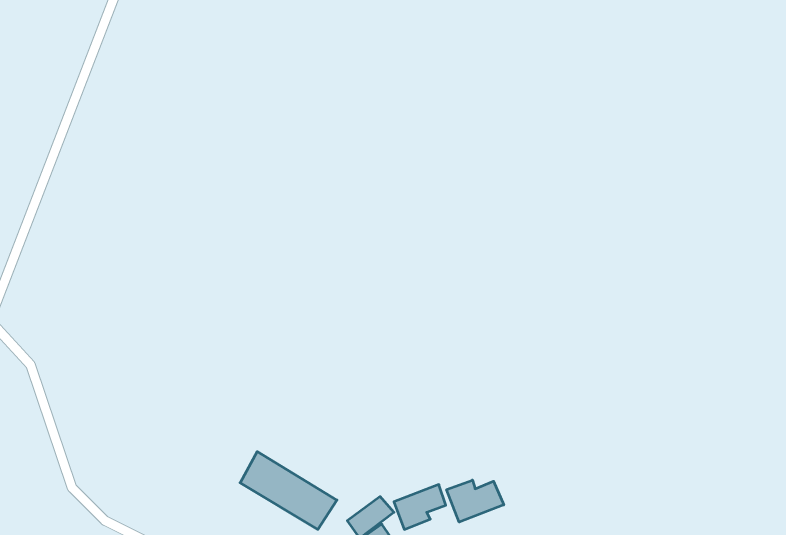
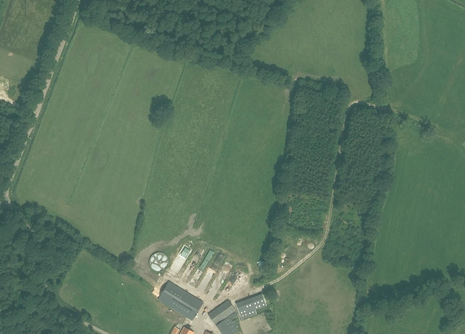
building: [447,480,504,522] -> none

